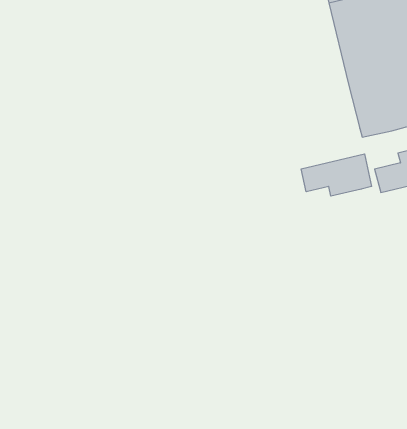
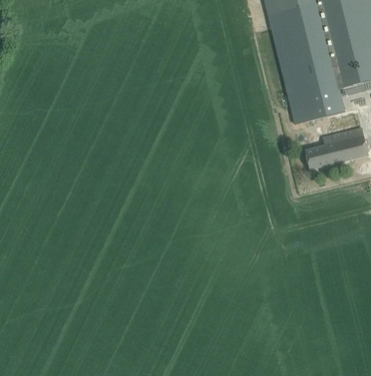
building: [301,154,372,196] -> none

